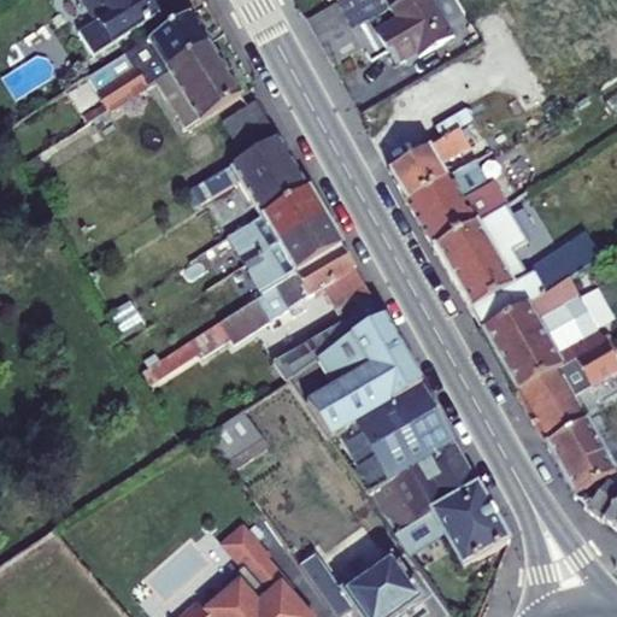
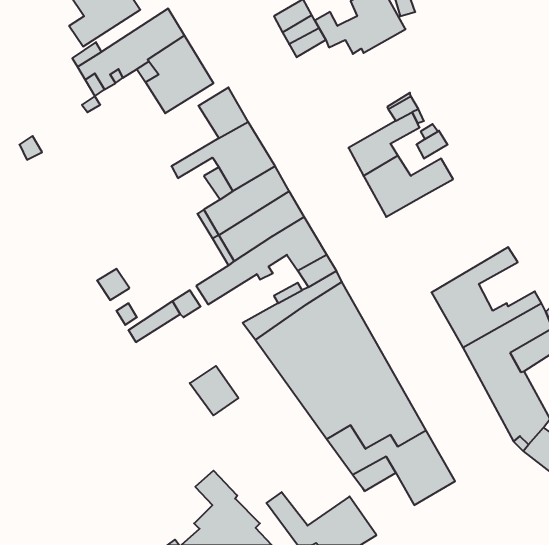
building: [434,217,605,327] -> none
building: [537,293,600,347] -> none

